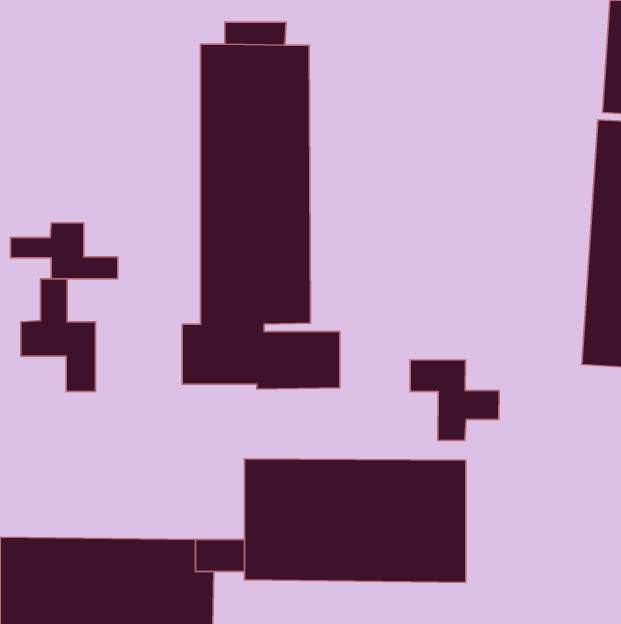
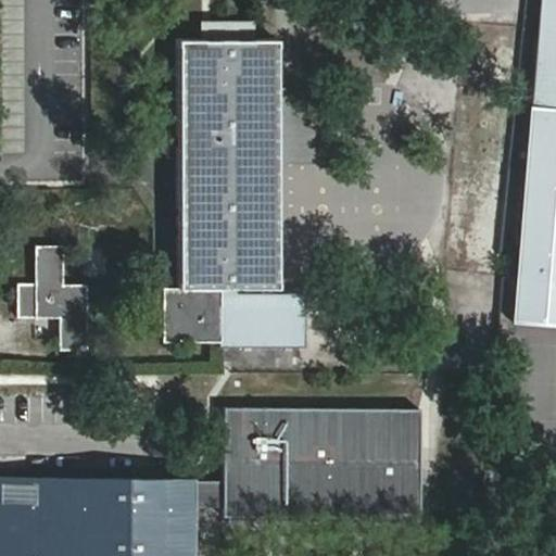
building: [11,223,118,279] -> none
building: [410,360,499,441] -> none

